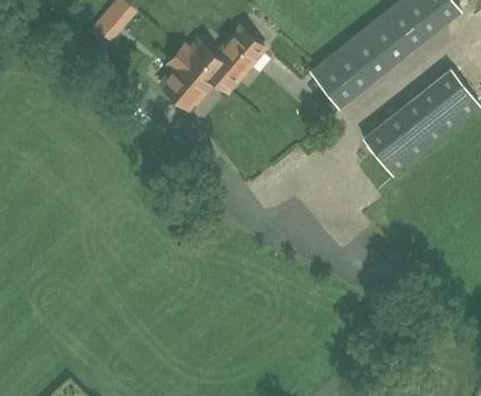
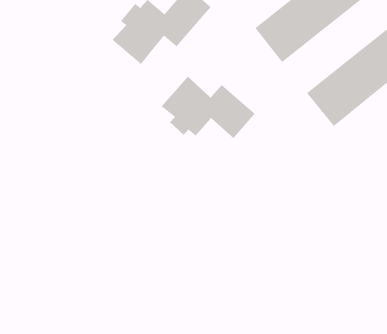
building: none -> [161,76,256,139]

